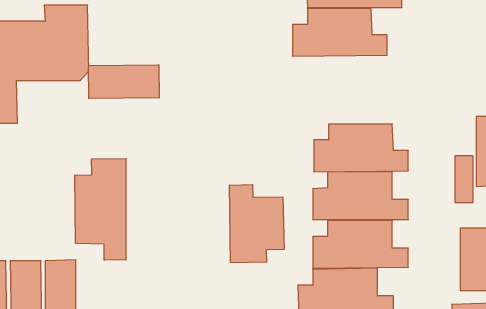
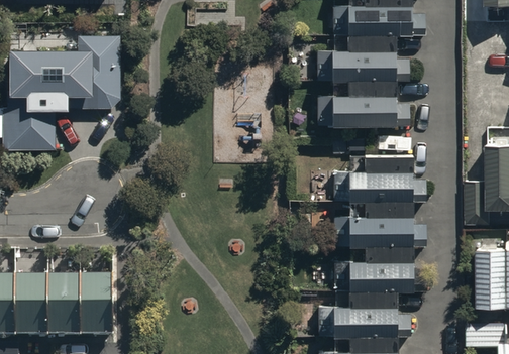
building: none -> [316,84,407,130]
building: [89,65,159,99] -> none
building: [75,158,126,260] -> none
building: [230,185,284,263] -> none

